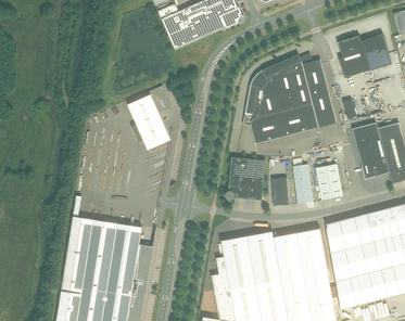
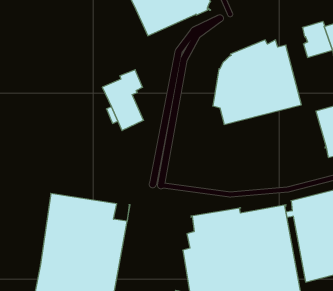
building: [224,157,265,201] -> none
building: [316,163,343,200] -> none
building: [292,164,314,204] -> none
building: [271,177,289,206] -> none

